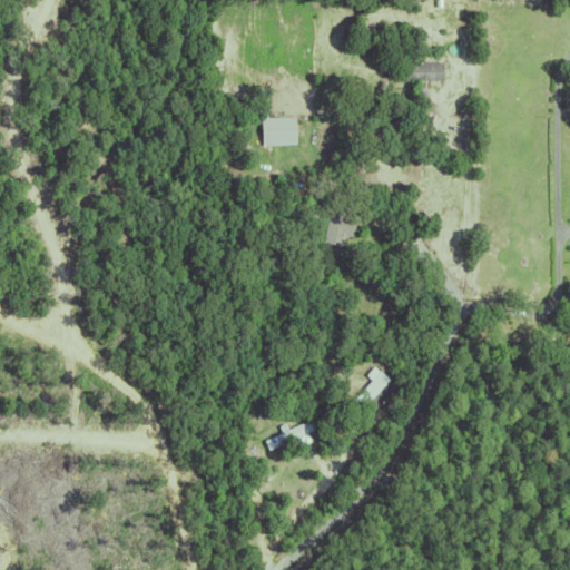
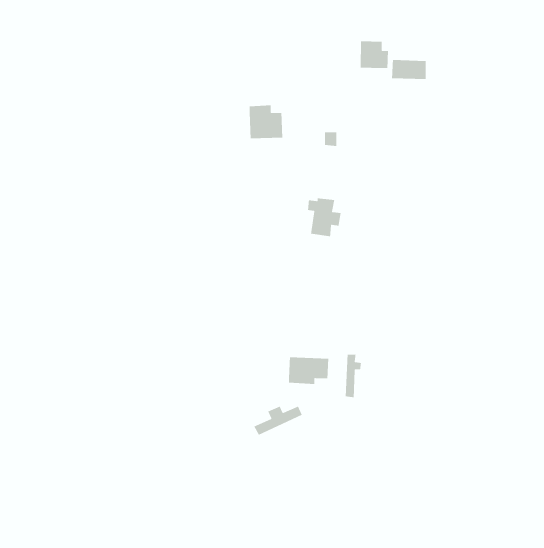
building: none -> [360,40,389,69]
building: none -> [288,356,329,385]

